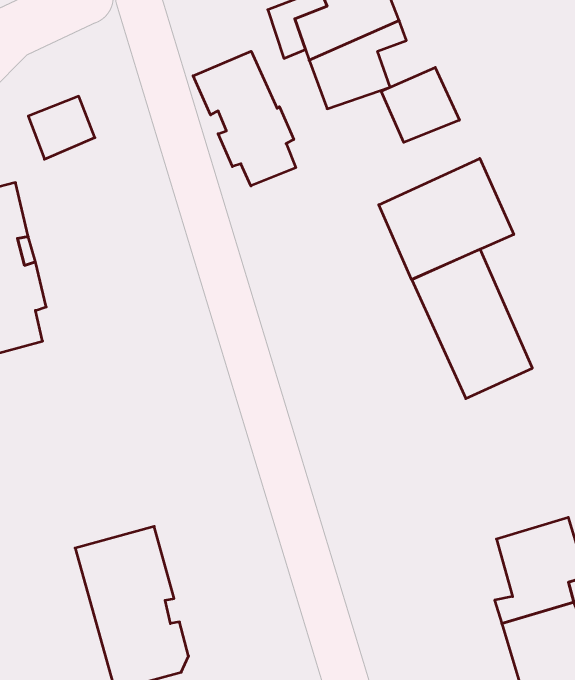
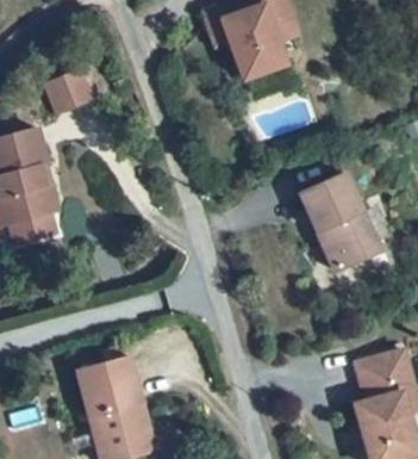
building: [193,51,296,186] -> none
building: [381,67,459,142] -> none
building: [379,158,514,279] -> none

